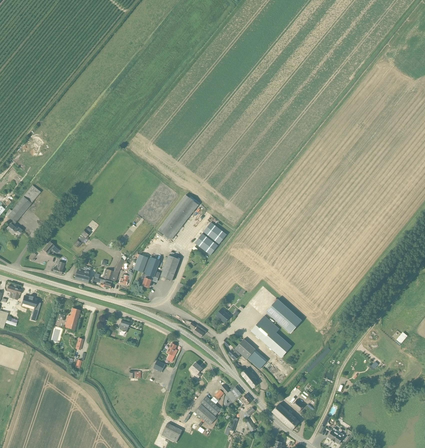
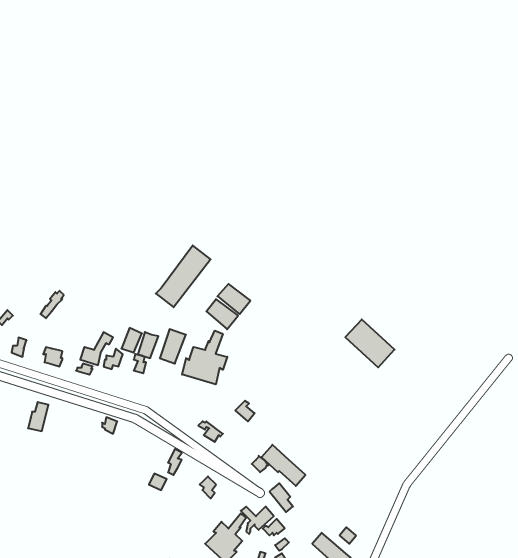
building: none -> [182,331,227,384]
building: [266,298,302,333] -> [345,319,395,367]
building: [251,315,291,357] -> none

